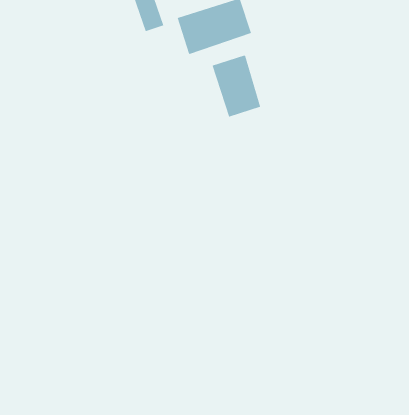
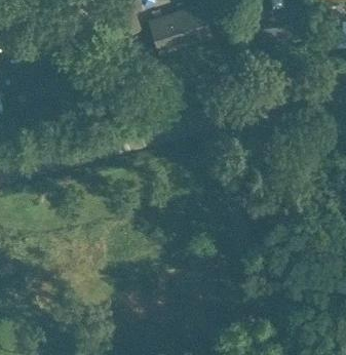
building: [212,55,261,118] -> none

